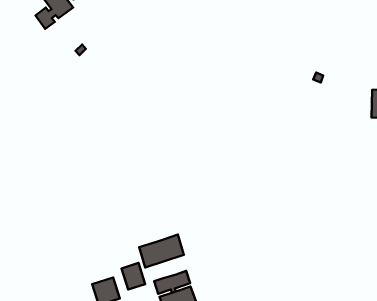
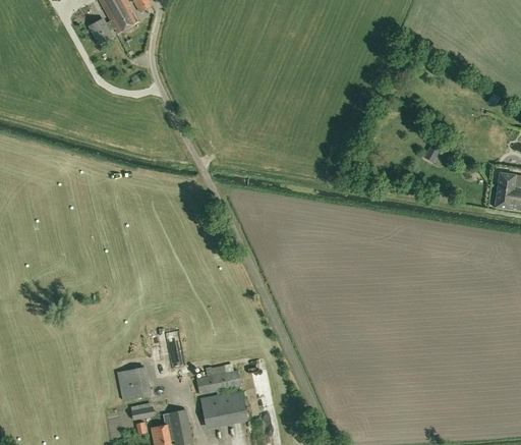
building: [139,235,184,268] -> none
building: [121,263,145,290] -> none

